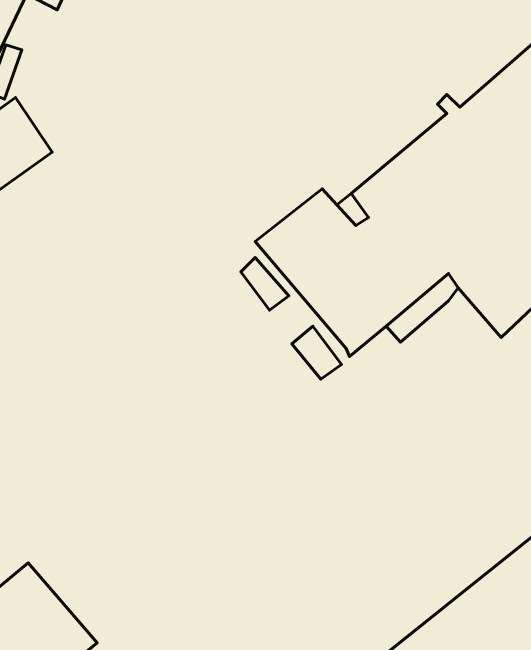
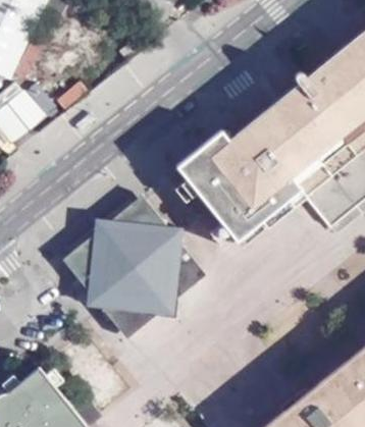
building: none -> [69,194,212,338]

